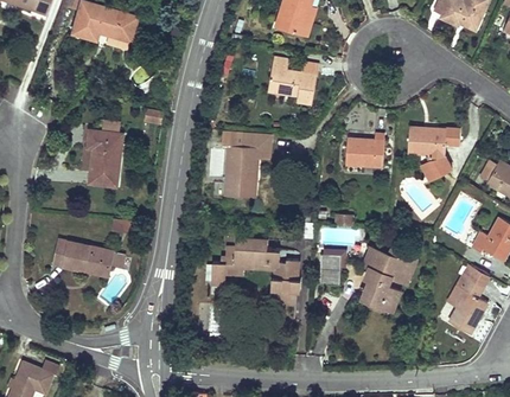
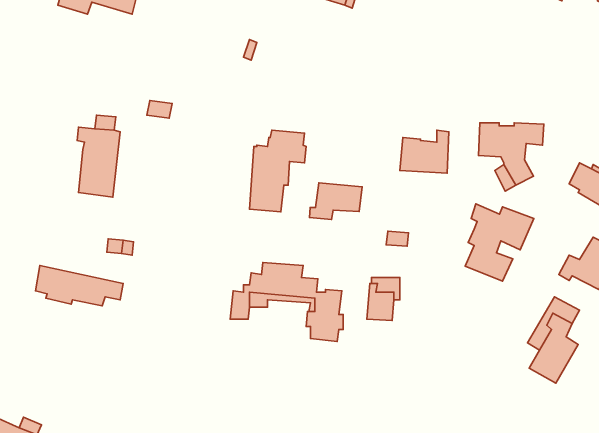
building: [268,57,319,102] -> none
building: none -> [310,183,362,219]
building: [362,248,416,309] -> [465,204,534,281]

